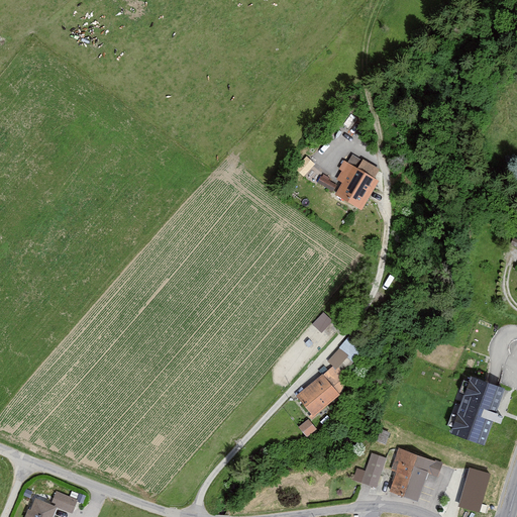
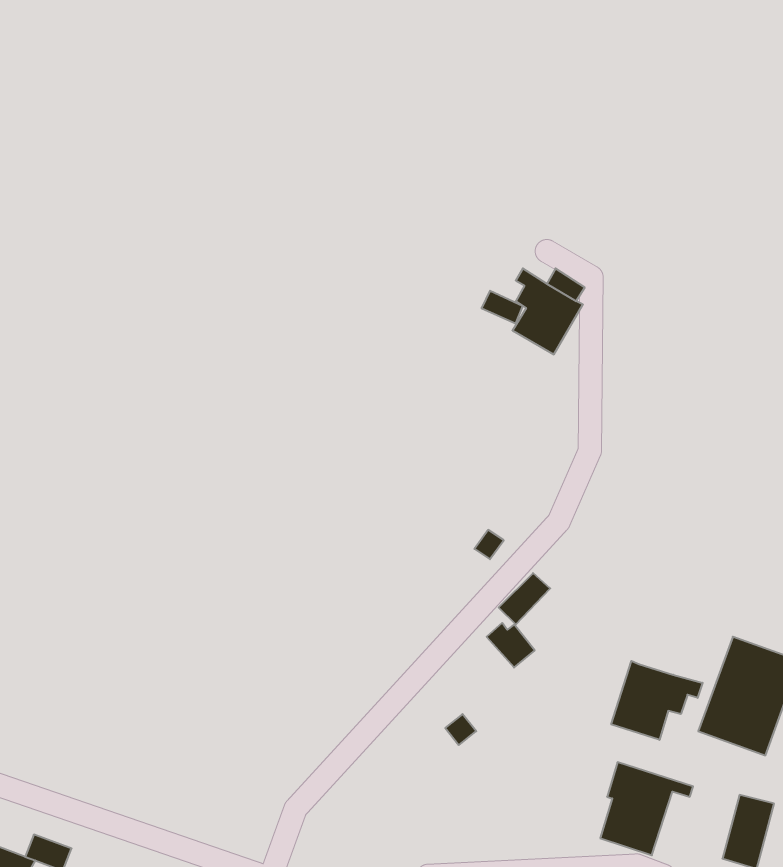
building: [295,374,338,416] -> none
building: none -> [611,661,703,740]
building: [352,453,387,488] -> none

